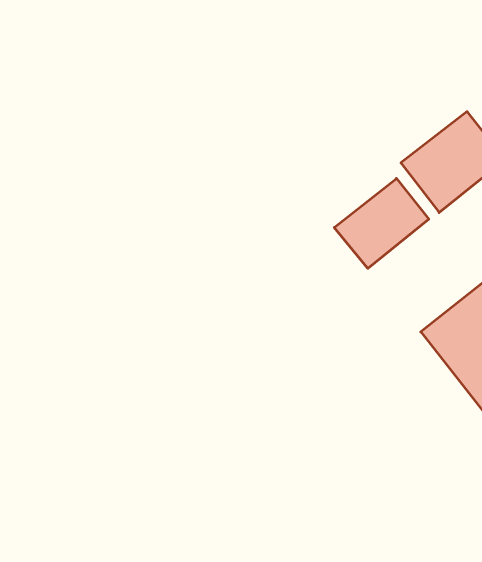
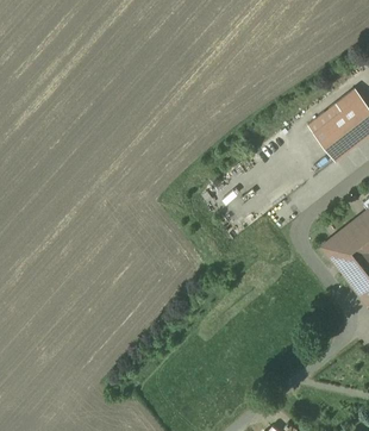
building: [334,178,429,268] -> none

